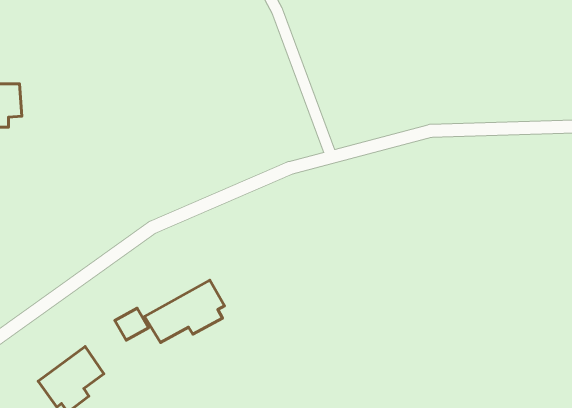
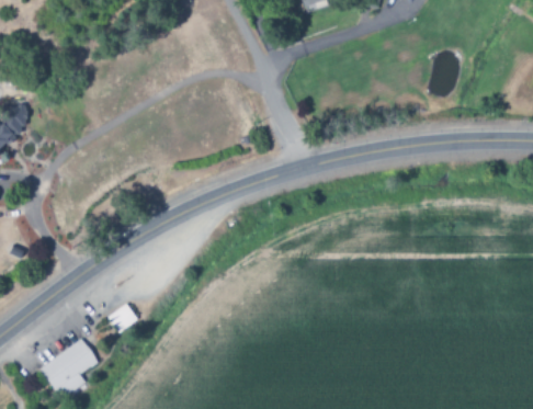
building: [144,280,225,342] -> none

